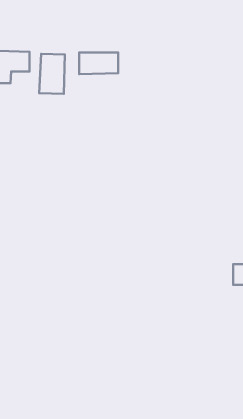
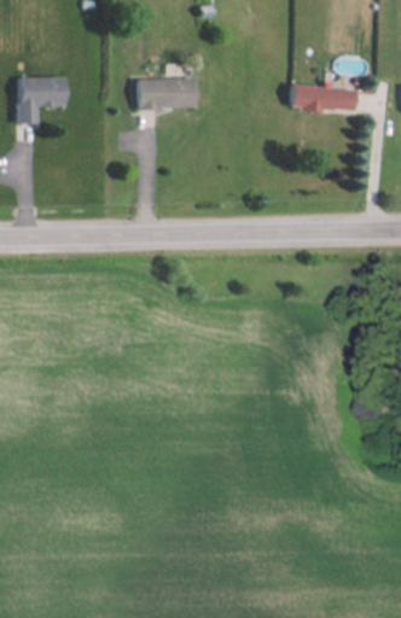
building: [39,54,65,94] -> none
building: none -> [291,86,354,112]

